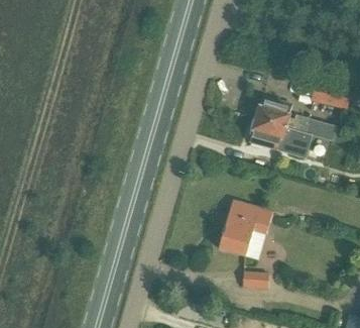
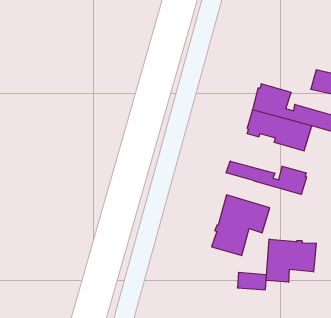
building: none -> [226,161,307,194]
building: none -> [266,239,316,282]

